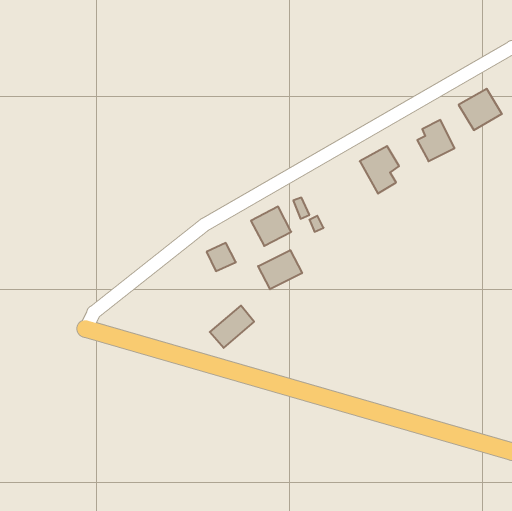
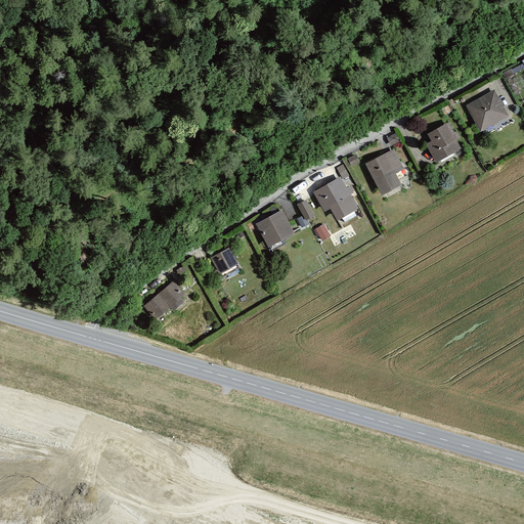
building: none -> [312,175,361,225]
building: [258,250,302,289] -> none
building: [210,306,254,348] -> [141,279,186,322]

